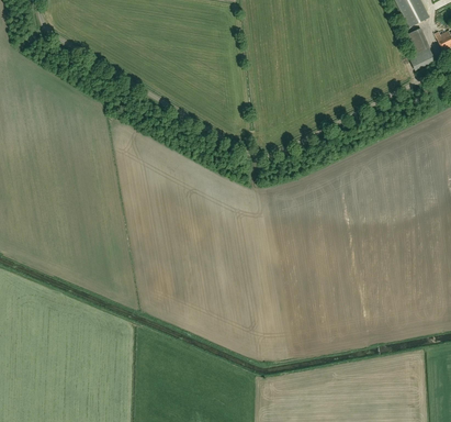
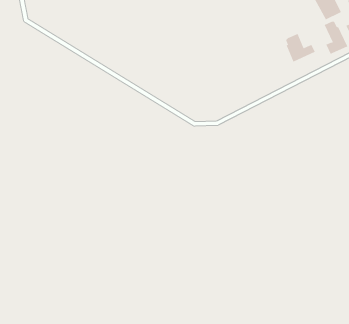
building: none -> [285,33,315,62]

